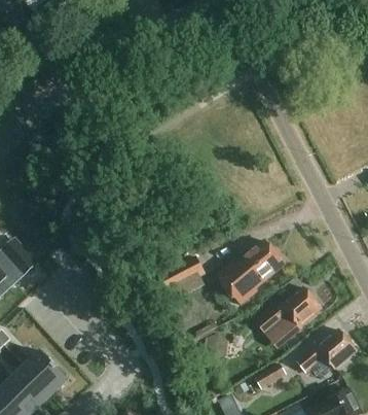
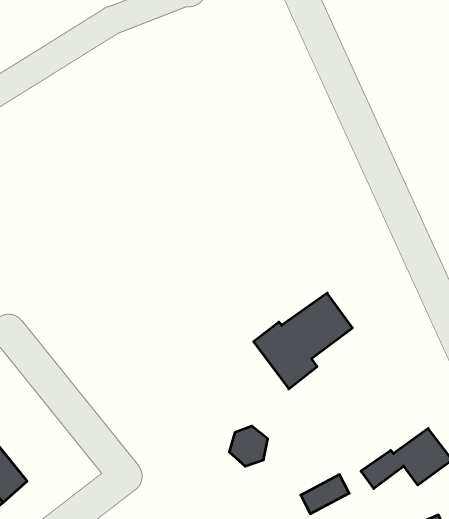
building: [161,256,206,291] -> none
building: [256,286,321,343] -> none

